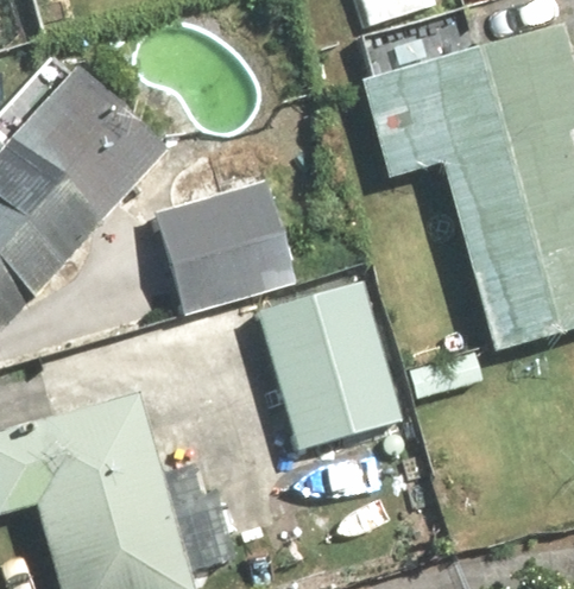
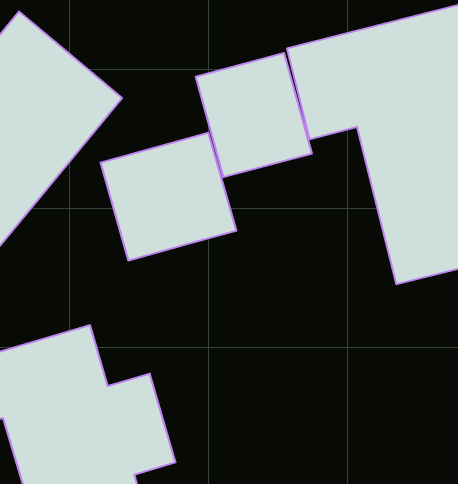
building: none -> [196,53,312,177]
building: [254,270,410,455] -> none

